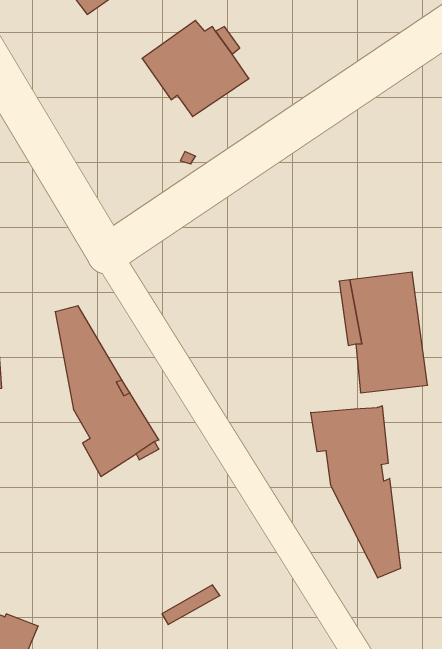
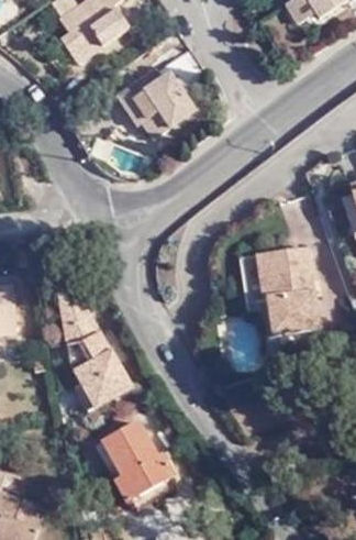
building: [311,406,401,578] -> none
building: none -> [94,412,171,496]

